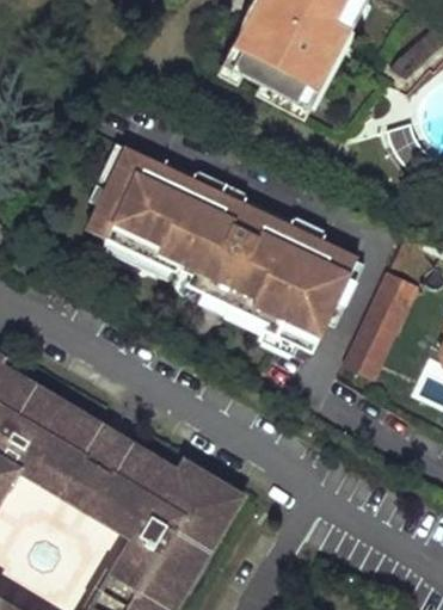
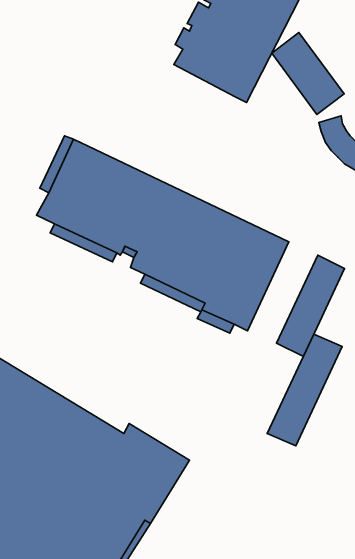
building: none -> [272,32,344,115]
building: none -> [267,334,342,446]

